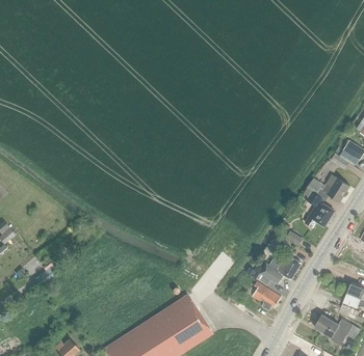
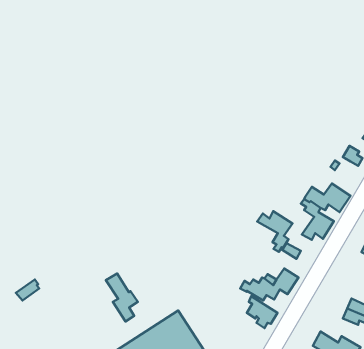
building: none -> [257,211,293,252]
building: none -> [106,274,138,321]

